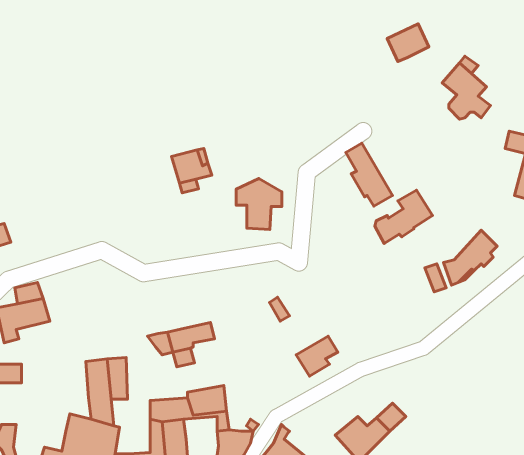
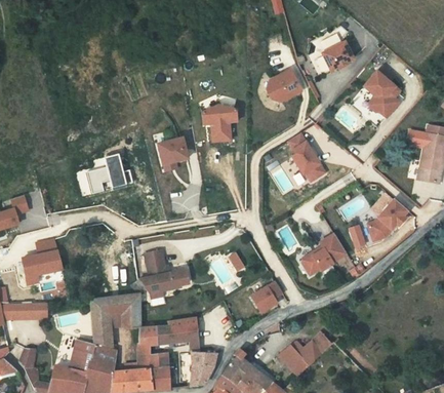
building: none -> [266,71,297,101]
building: none -> [86,154,133,193]
building: [236,178,282,229] -> [204,100,239,139]
building: [375,190,433,244] -> [300,234,345,275]
building: none -> [139,252,166,278]
building: none -> [121,294,139,329]

